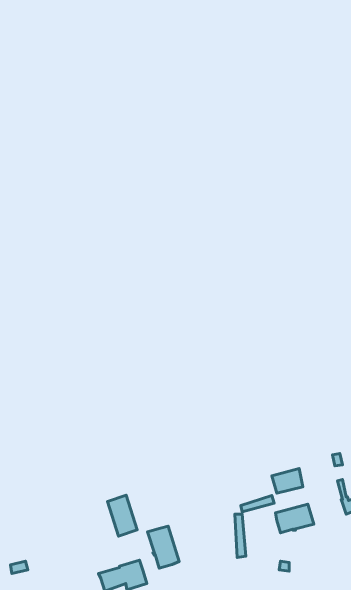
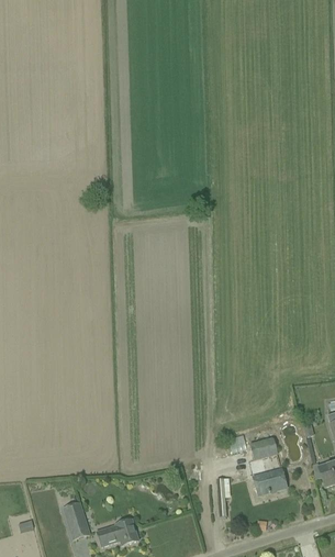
building: [108,495,137,536] -> [63,501,89,537]
building: [147,526,179,568] -> none

